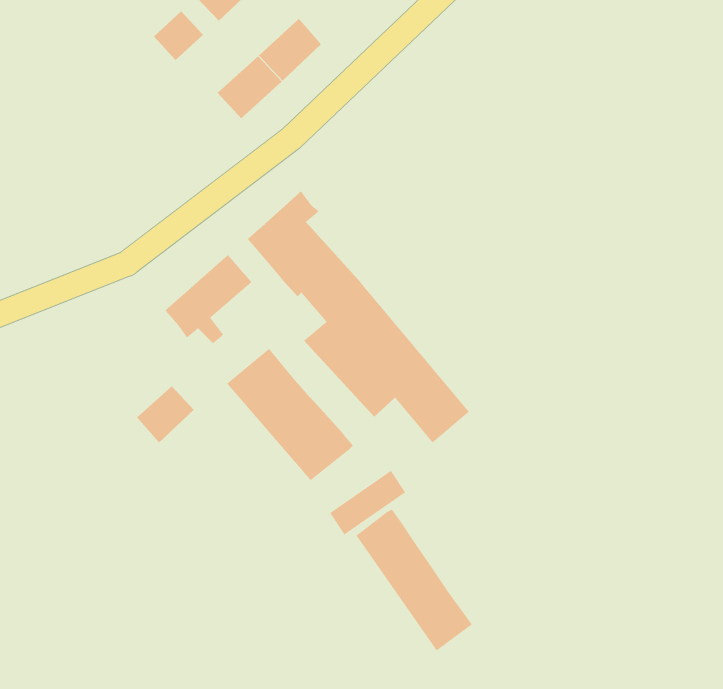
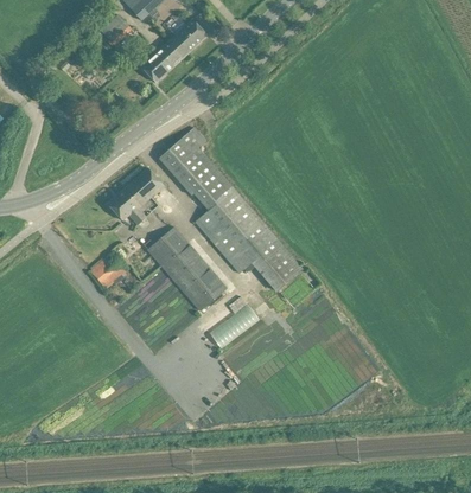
building: [356,508,473,652] -> none

